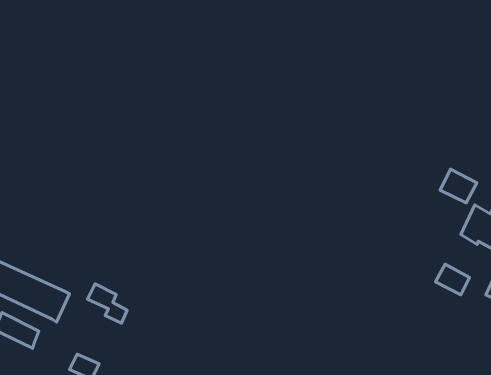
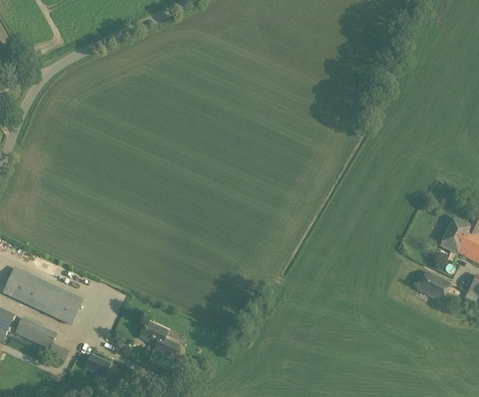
building: [440,169,477,203] -> none
building: [88,284,127,323] -> [140,322,176,358]

